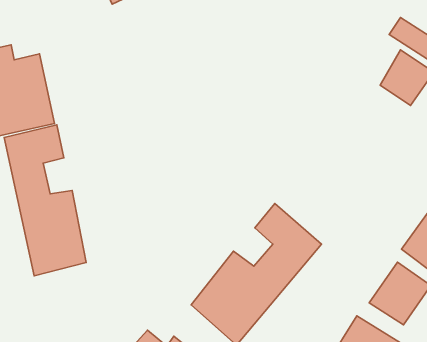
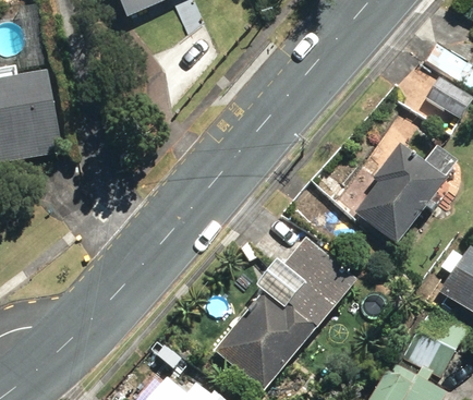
building: none -> [293,140,457,241]
building: [4,125,86,276] -> none

